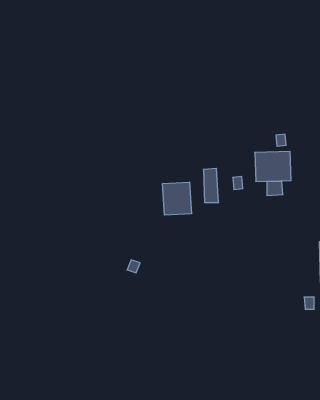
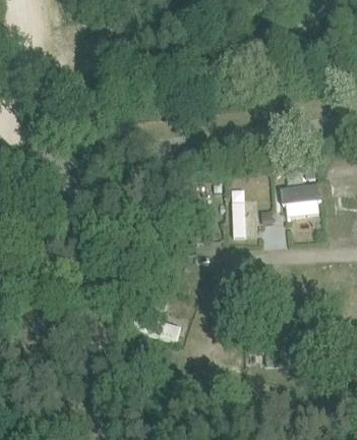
building: [163,182,191,215] -> none

